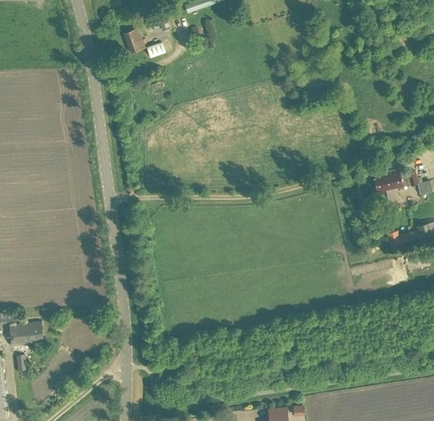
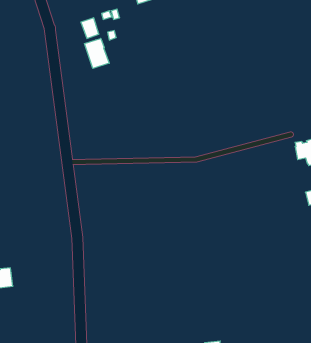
building: none -> [84,38,109,68]

